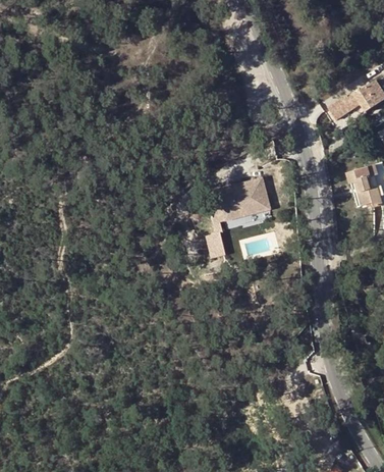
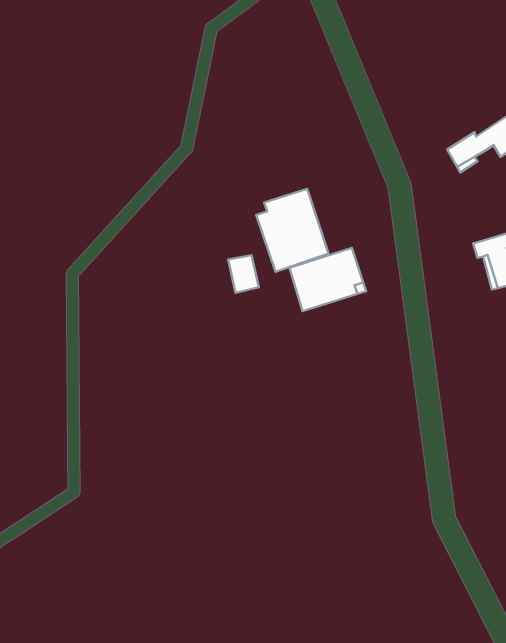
building: none -> [256,189,328,272]
building: [202,232,223,259] -> [228,255,259,293]

